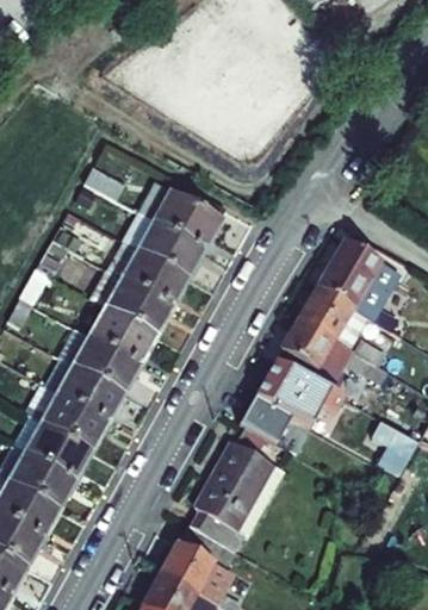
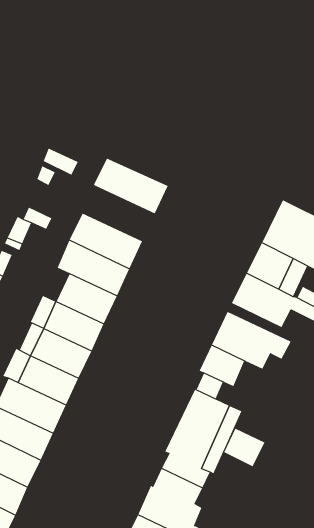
building: [124,211,204,275] -> none
building: none -> [224,428,265,467]

